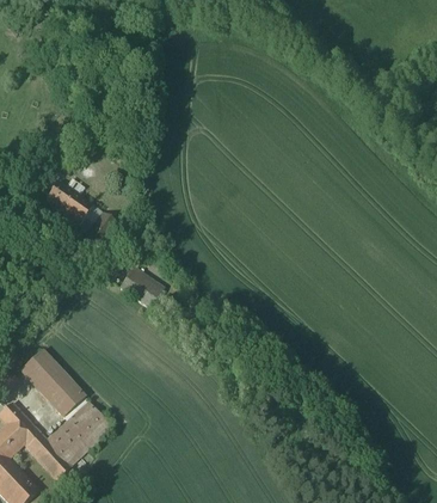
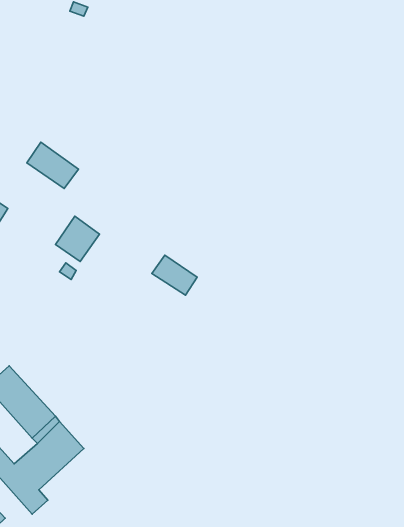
building: [45,179,93,222] -> [27,142,78,189]
building: [119,269,161,306] -> [152,255,197,295]

